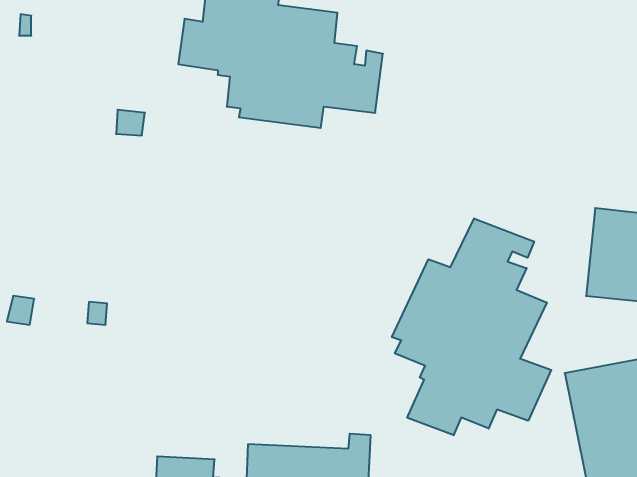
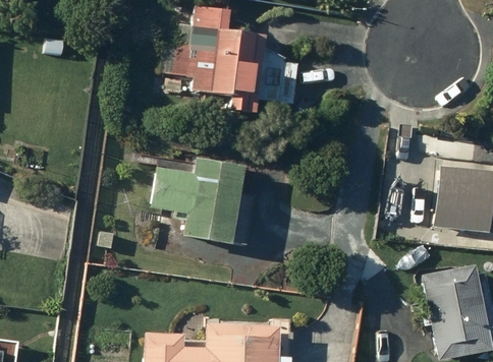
building: none -> [151,160,243,245]
building: [392,218,551,435] -> none

